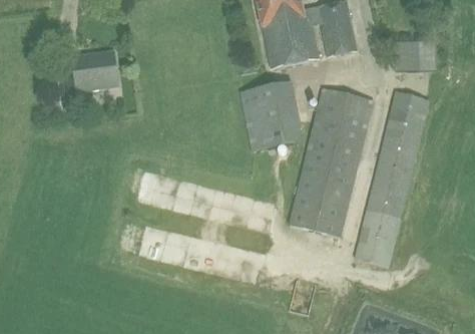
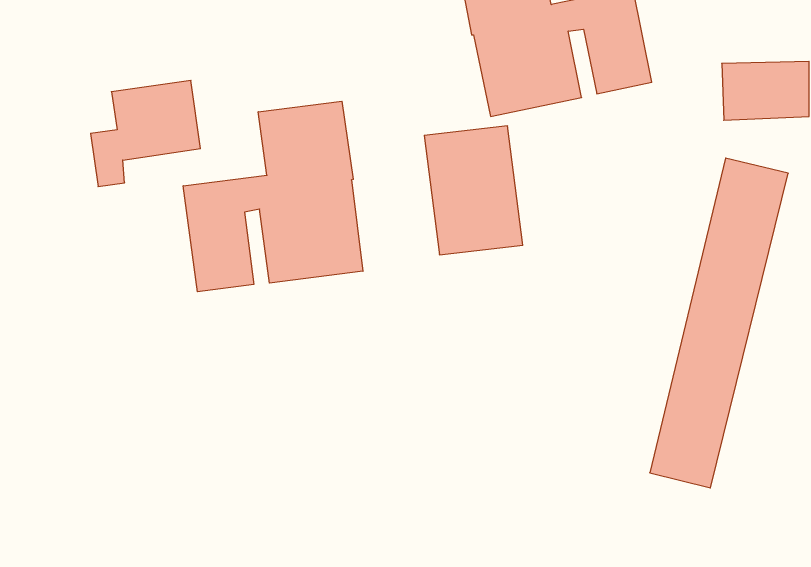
building: none -> [183,101,363,292]
building: [289,87,374,237] -> none

